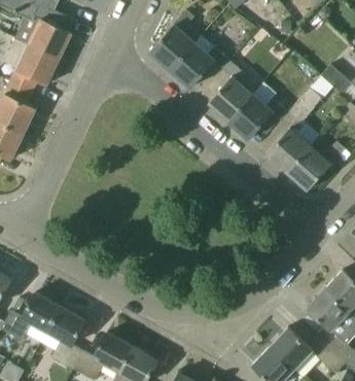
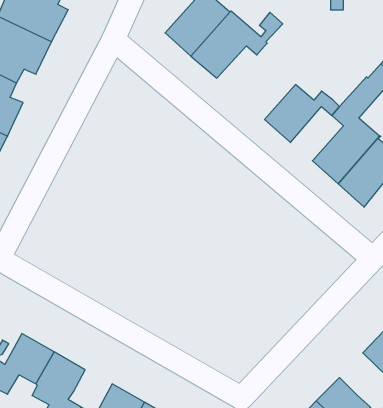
building: [208,61,260,122] -> none

